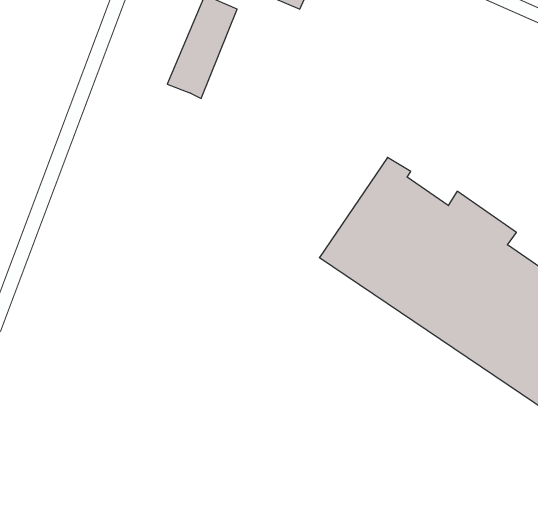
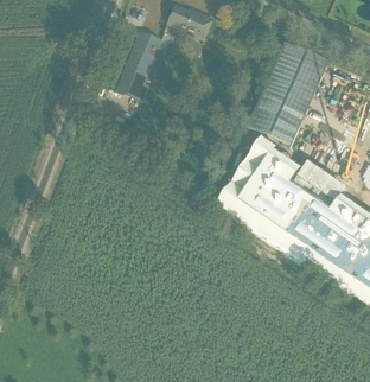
building: none -> [248,43,330,148]

